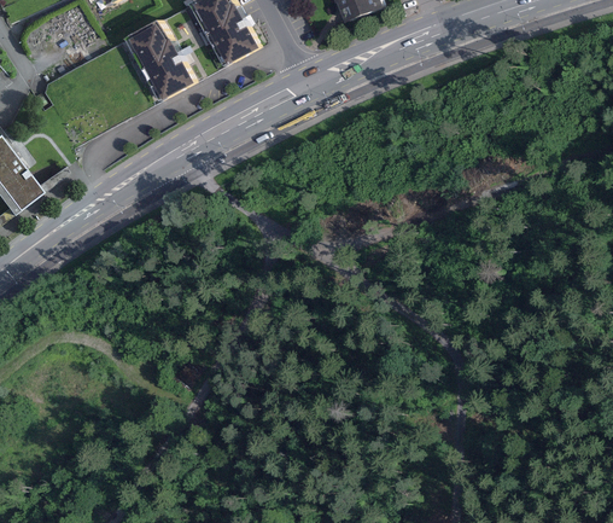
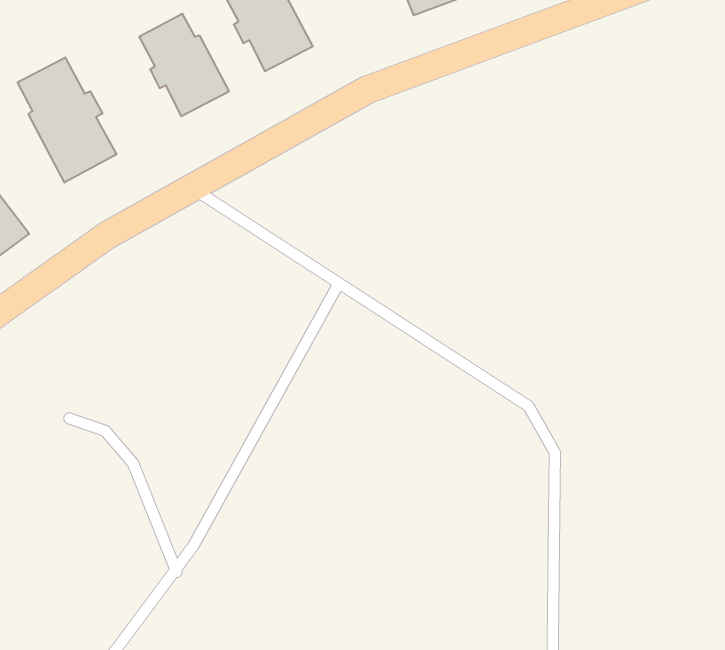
building: none -> [18,57,116,183]

